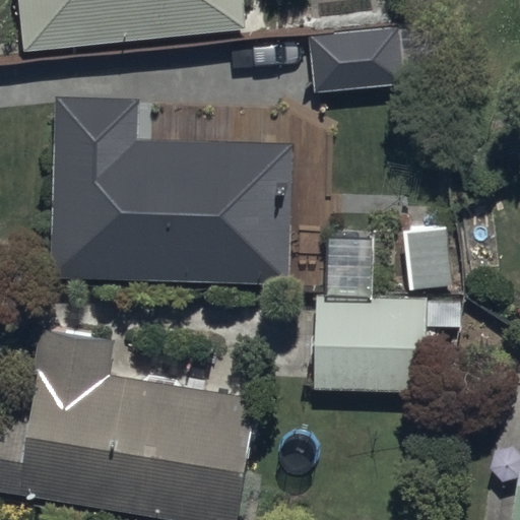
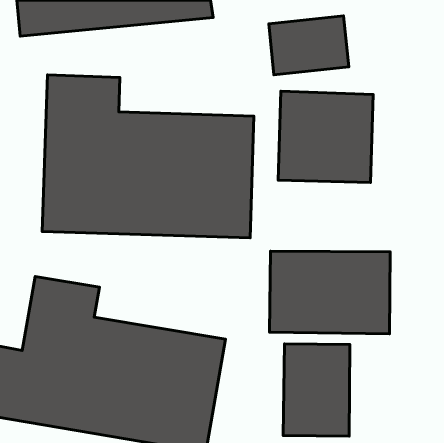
building: none -> [278,91,373,182]
building: none -> [283,344,350,436]

